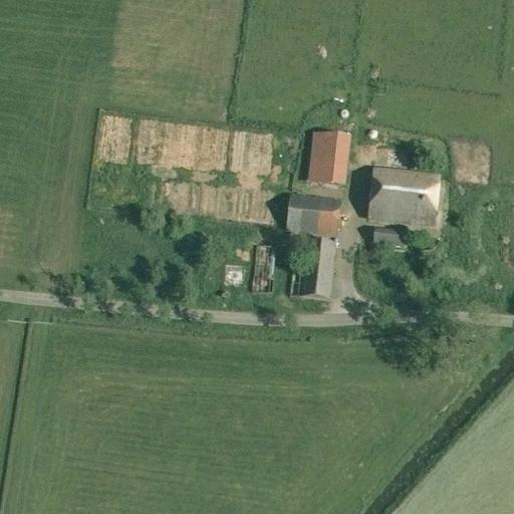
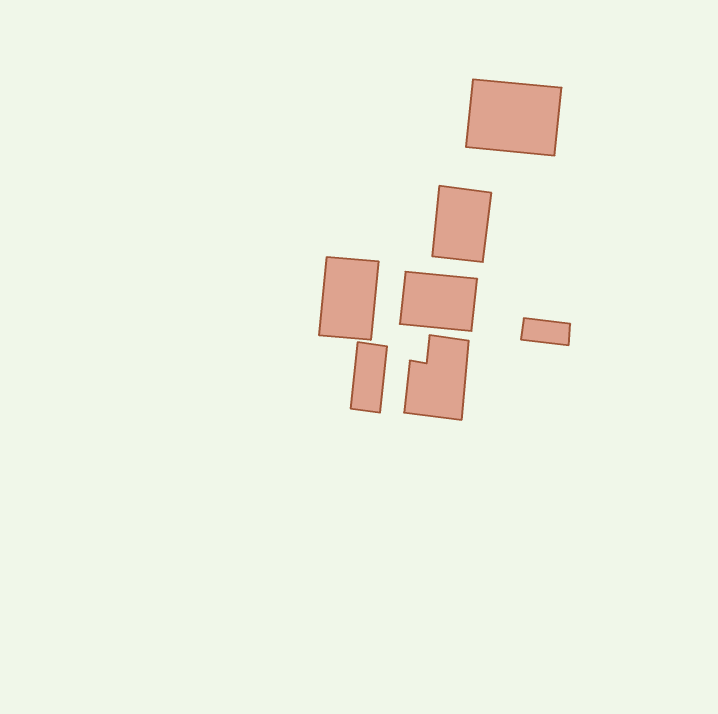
building: [368,170,437,224] -> [466,79,562,155]
building: none -> [319,257,378,340]

